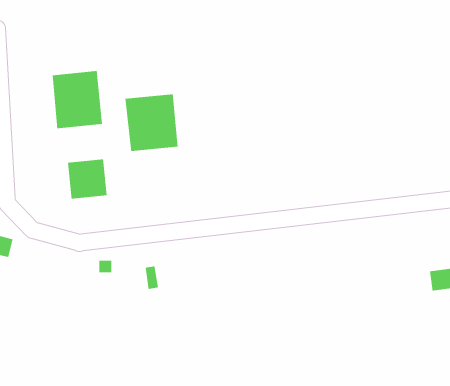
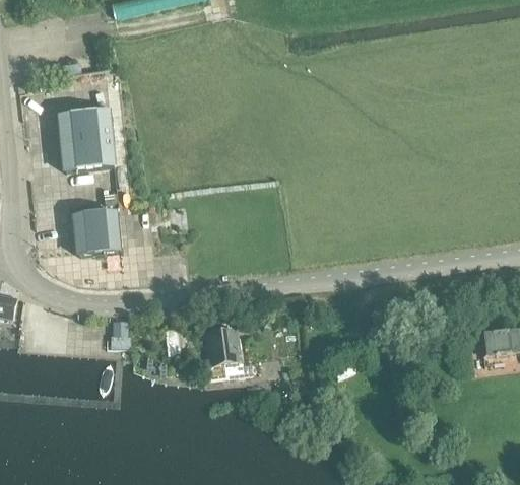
building: [125,93,178,152] -> none
building: none -> [204,326,238,375]

